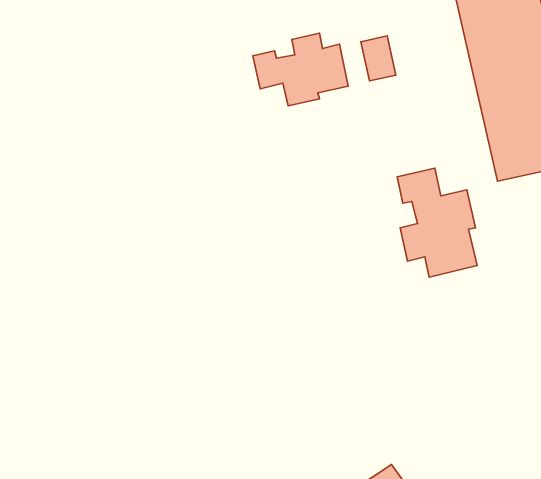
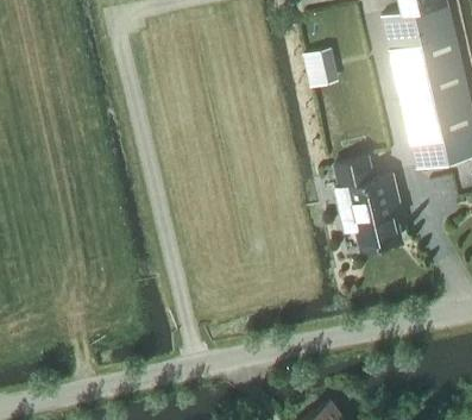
building: [253,33,348,106] -> none

